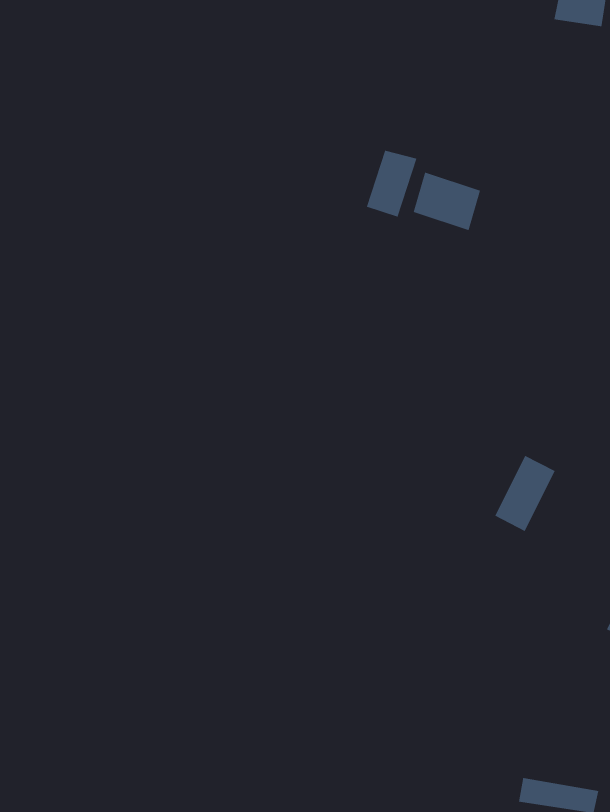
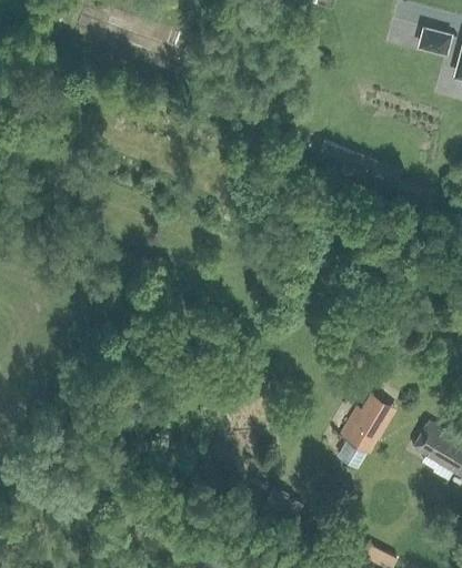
building: [366,150,417,218] -> none
building: [495,455,555,532] -> [348,402,390,452]

